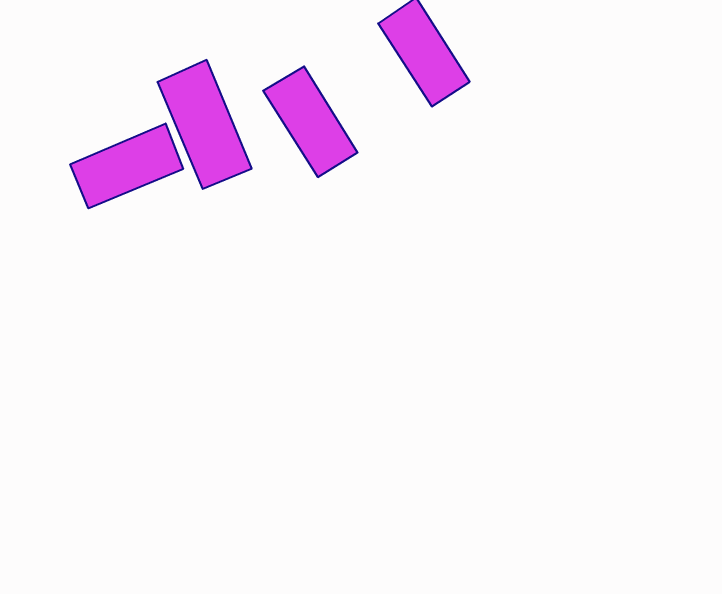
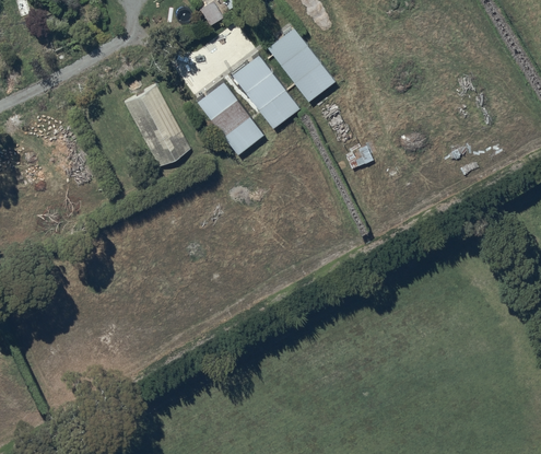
building: none -> [232,55,301,131]
building: [70,123,183,208] -> none

